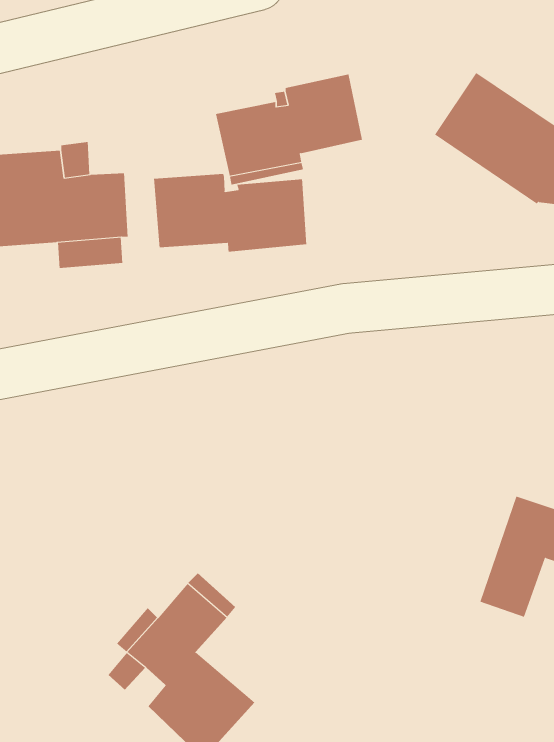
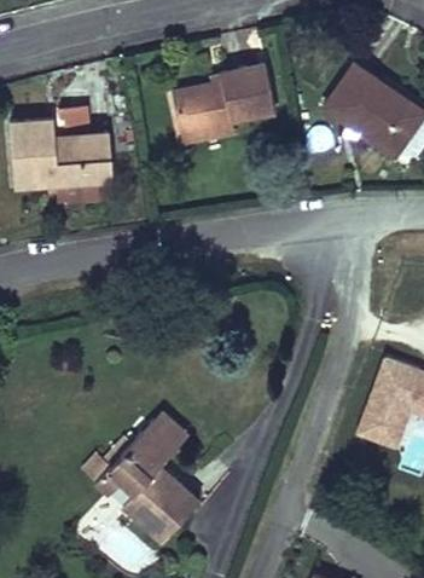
building: [154,173,307,253] -> none

